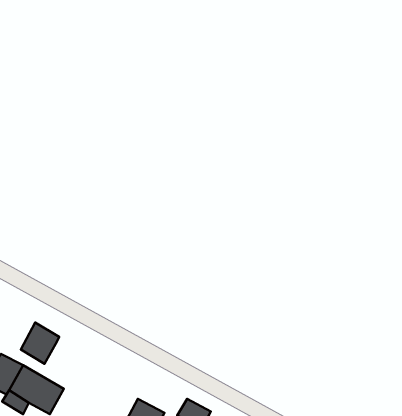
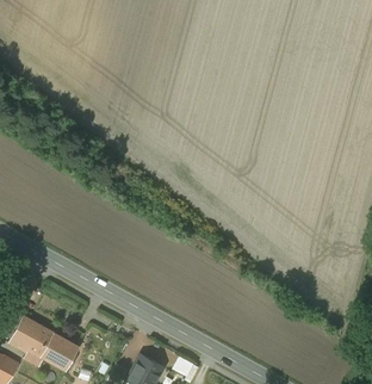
building: [21,323,59,364] -> none

